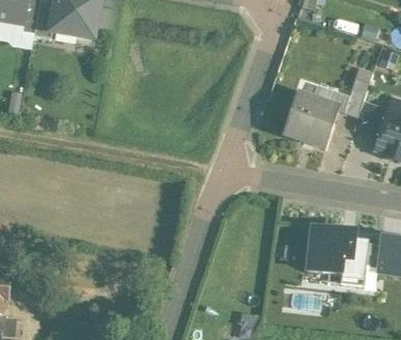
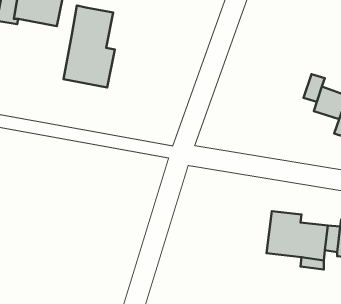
building: none -> [63,6,115,87]
building: [283,91,337,145] -> none

